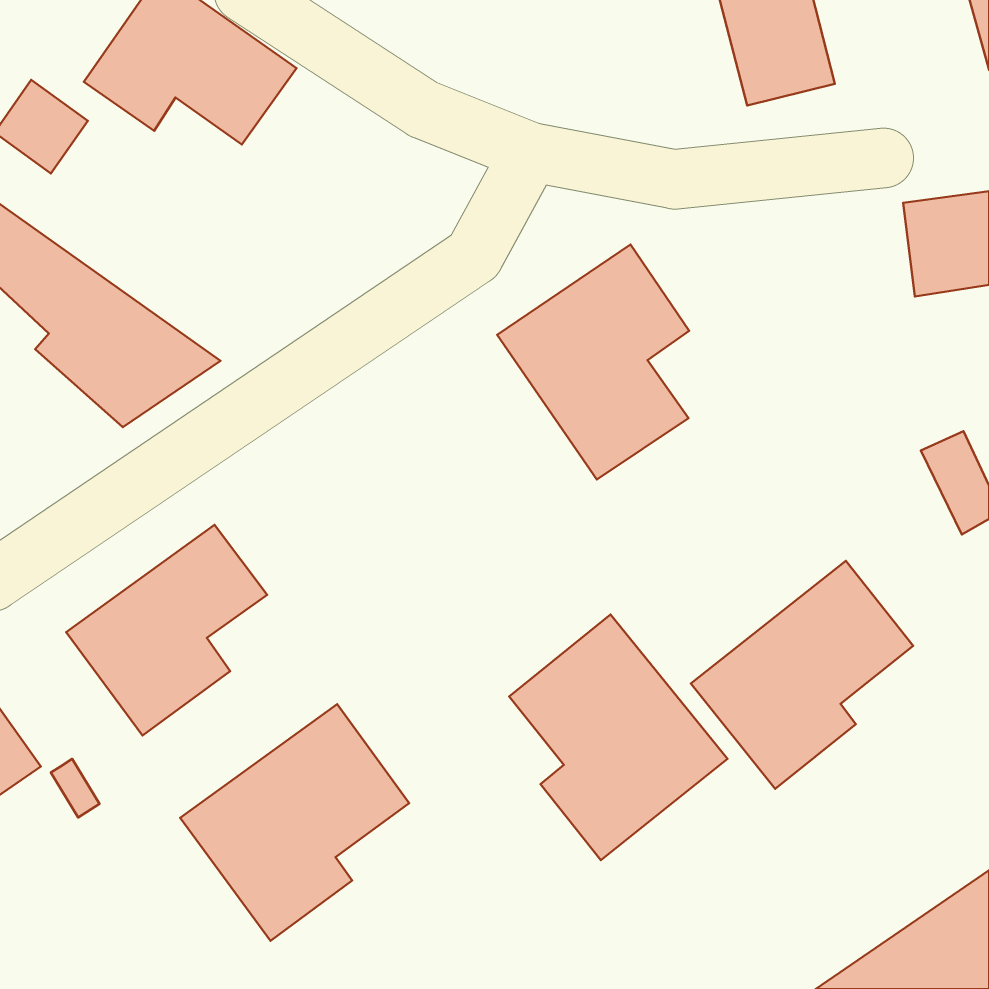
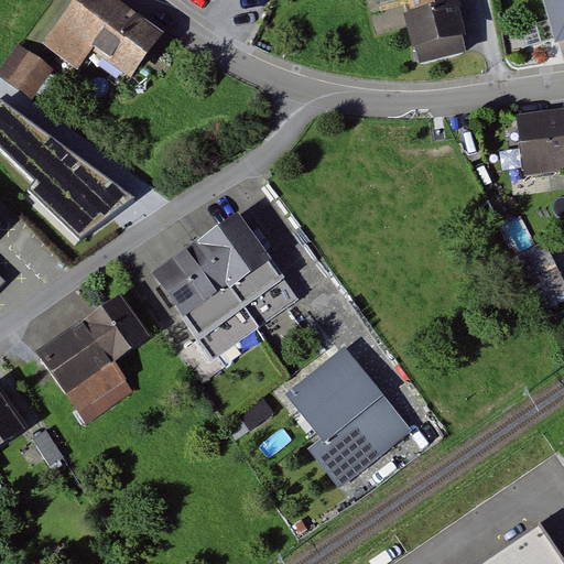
building: [497,244,689,479] -> none
building: none -> [155,215,297,356]
building: [691,561,913,789] -> none
building: [180,704,409,941] -> none

